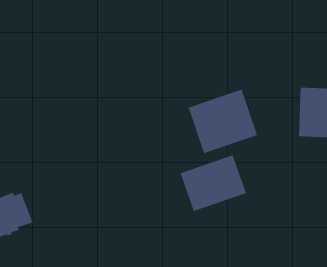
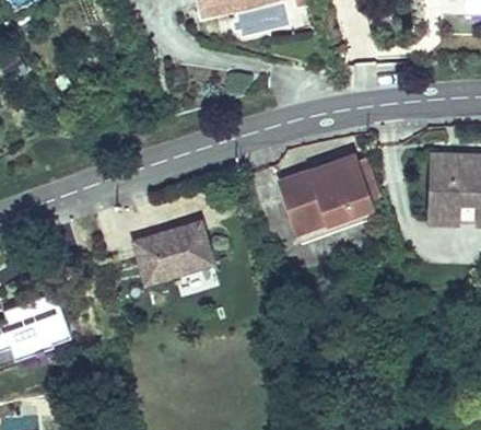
building: none -> [133,220,213,281]
building: [180,154,247,212] -> none

